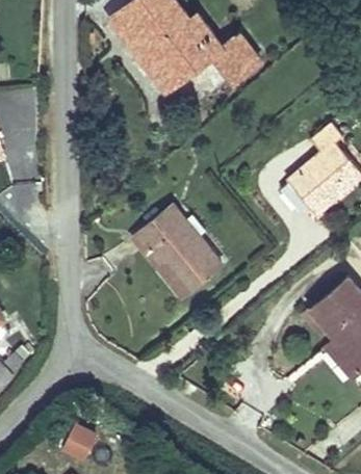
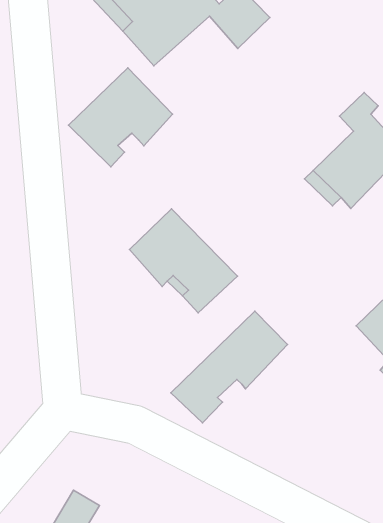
building: none -> [69,68,173,167]
building: none -> [171,311,288,423]

